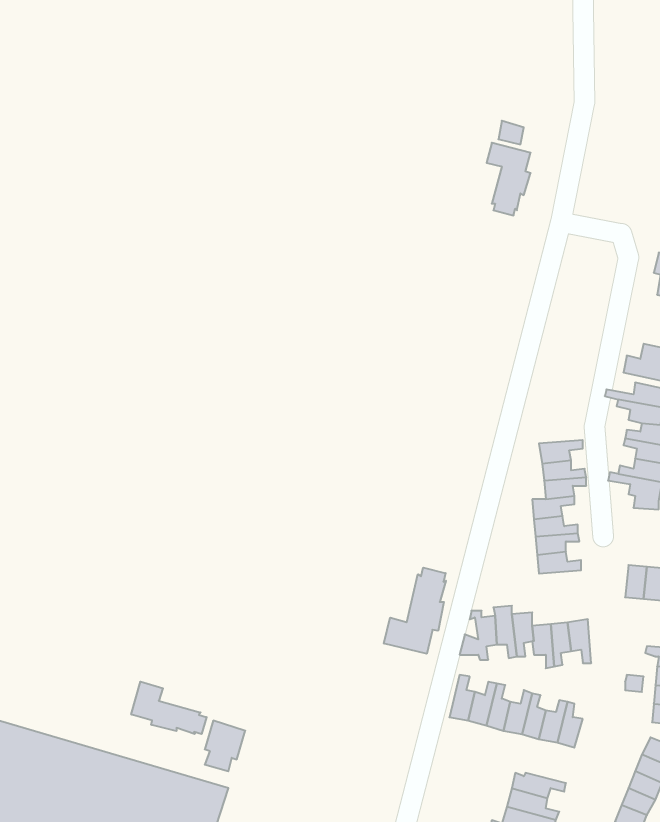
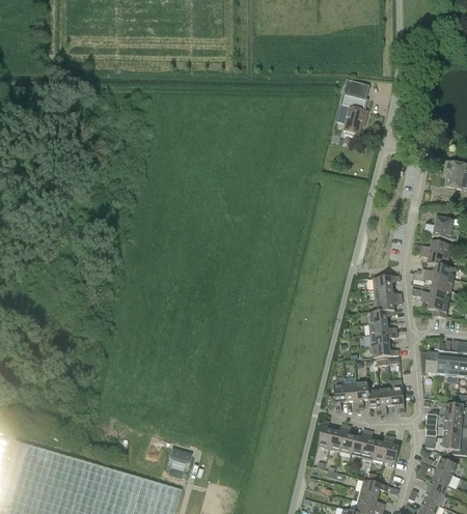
building: [384,568,446,654] -> none
building: [131,682,207,734] -> none

